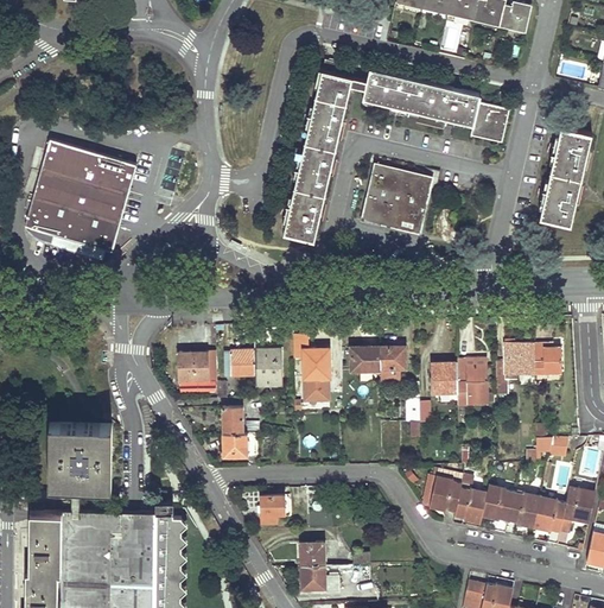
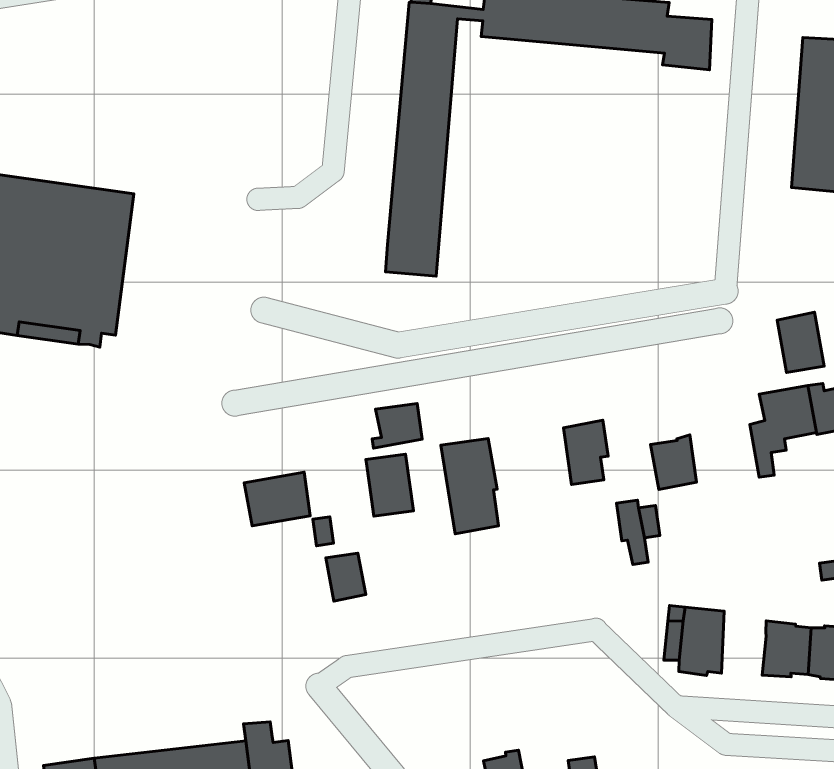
building: [364,173,428,233] -> none
building: none -> [777,312,824,373]
building: [349,348,379,372] -> none
building: [223,353,254,376] -> [372,403,422,448]
building: [456,361,494,405] -> none
building: [47,425,110,488] -> none
building: [222,433,254,458] -> none
building: [453,474,485,525] -> none
building: [261,496,282,522] -> none

